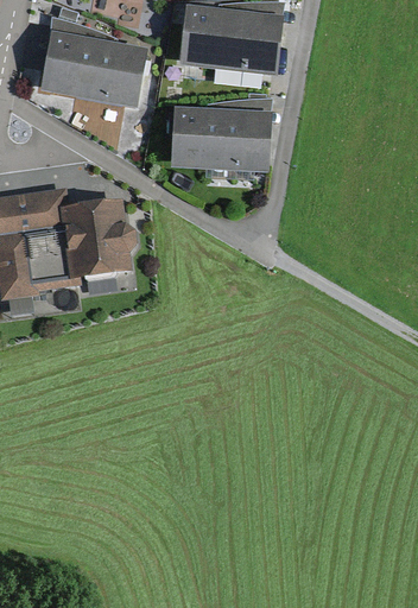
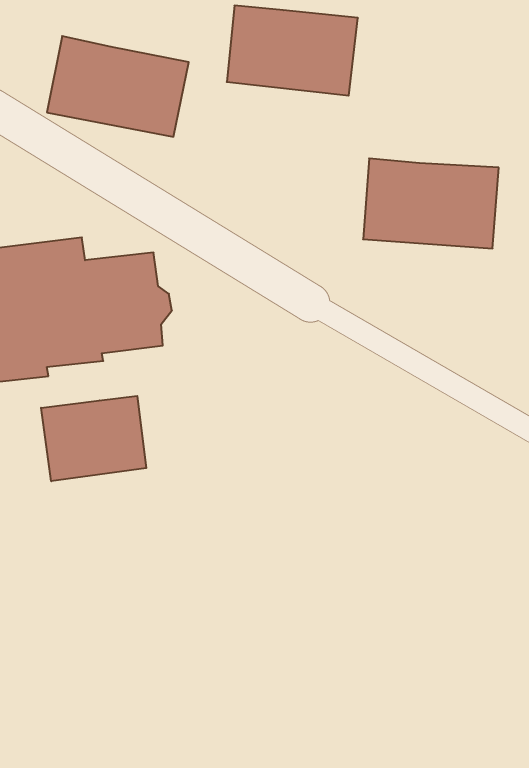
building: [169,103,274,173] -> [363,158,499,248]
building: none -> [41,396,146,481]

